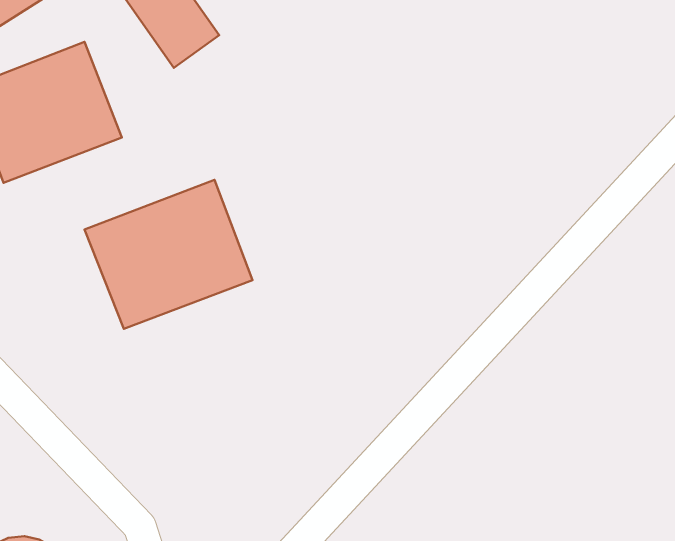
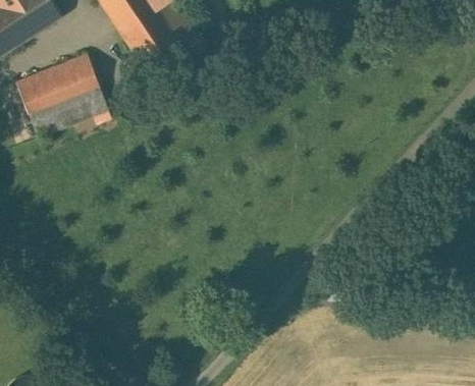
building: [85,180,252,329] -> none

